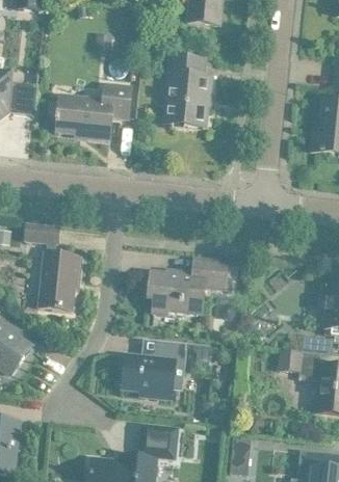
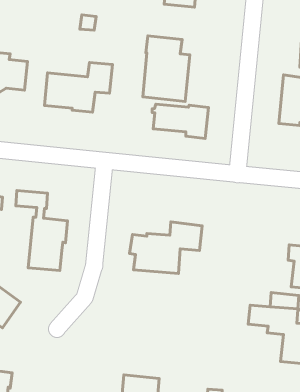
building: none -> [152,104,208,138]
building: [123,340,186,398] -> none

